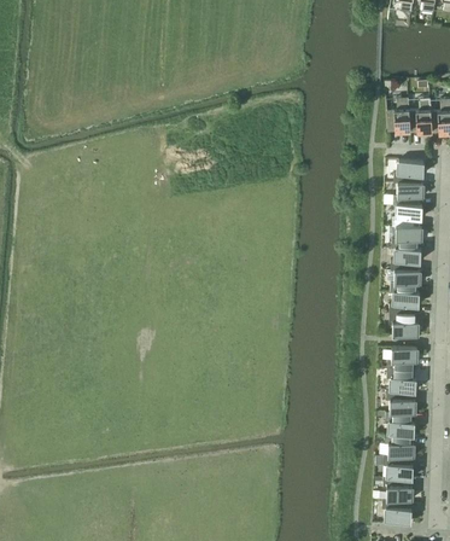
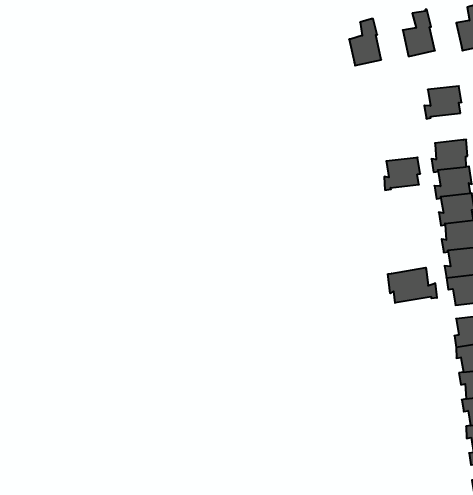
building: [409,99,432,134] -> [349,19,381,66]
building: [393,184,423,206] -> [384,157,420,190]
building: none -> [388,268,437,303]

